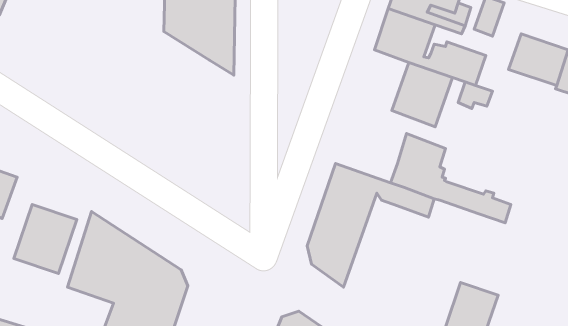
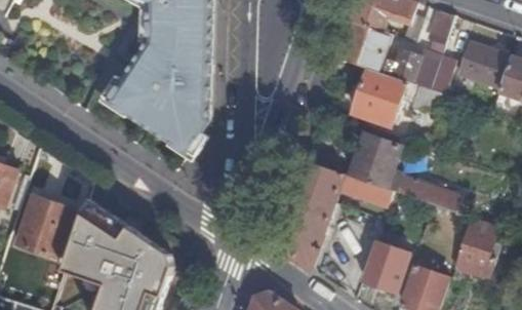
building: none -> [108,41,211,157]
building: none -> [452,219,497,278]
building: none -> [362,241,409,293]

